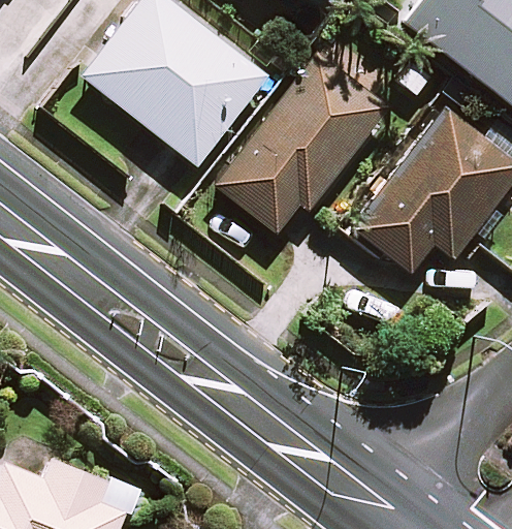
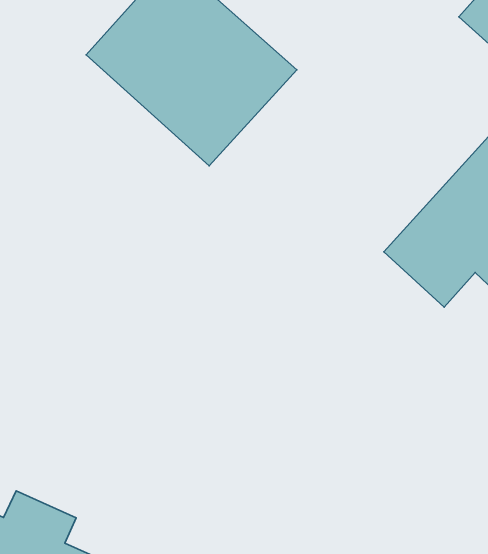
building: [217,54,388,229] -> none

